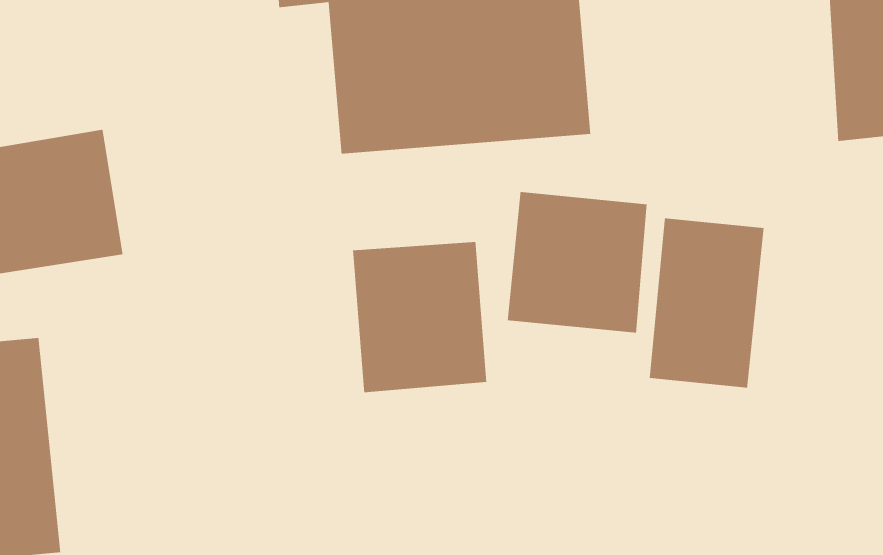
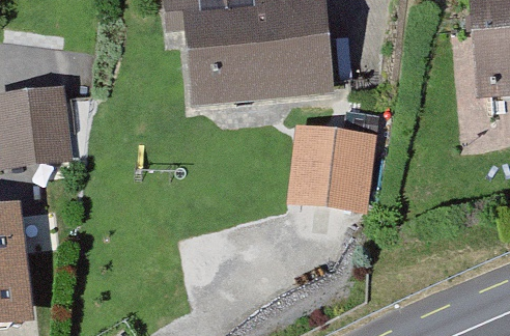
building: [649,218,765,389] -> none
building: [352,241,487,393] -> none

